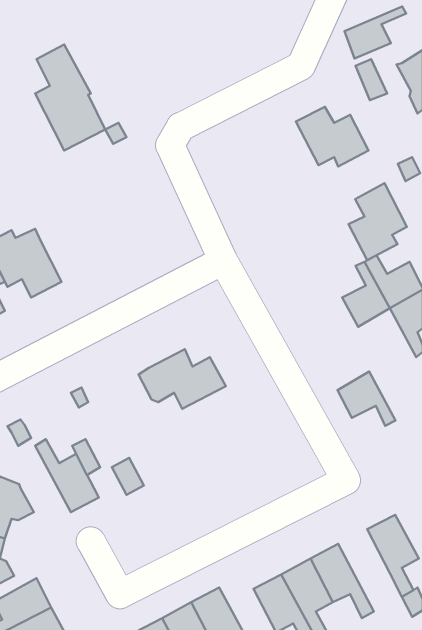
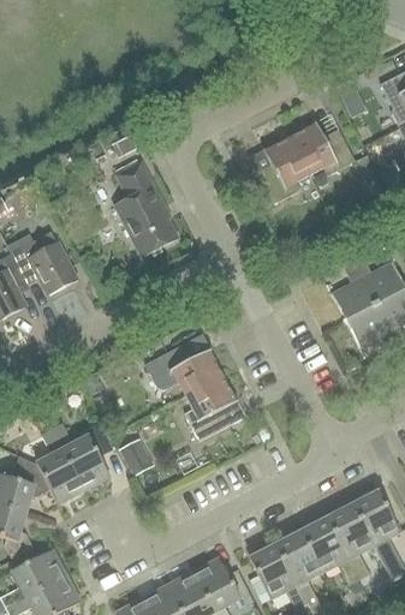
building: [344,7,406,59] -> none
building: [35,45,105,151] -> [114,161,178,257]
building: [349,183,407,260] -> [256,135,309,204]
building: [337,372,396,426] -> [345,304,398,353]
building: none -> [185,375,238,441]
building: none -> [37,429,84,503]
building: none -> [327,504,374,579]

